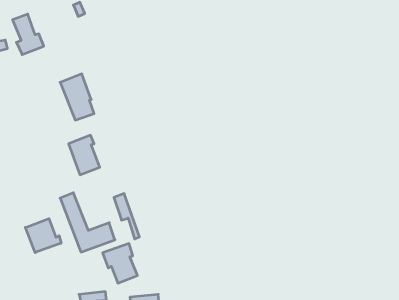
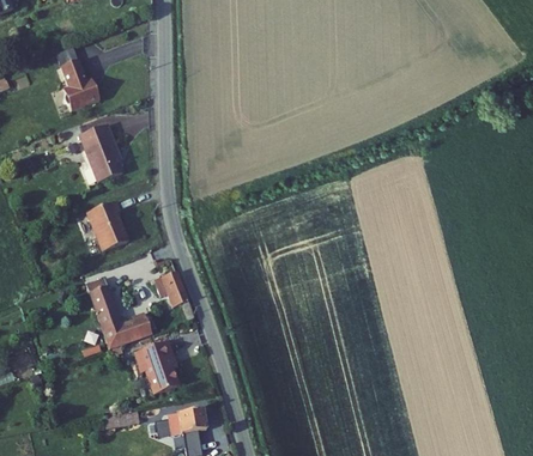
building: [13,14,44,55] -> [60,59,99,110]
building: [25,219,61,253] -> none

